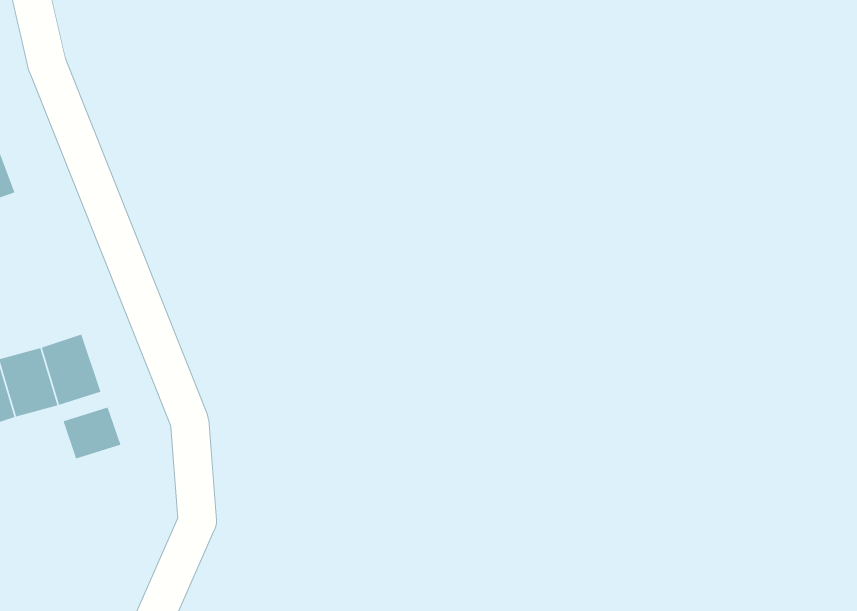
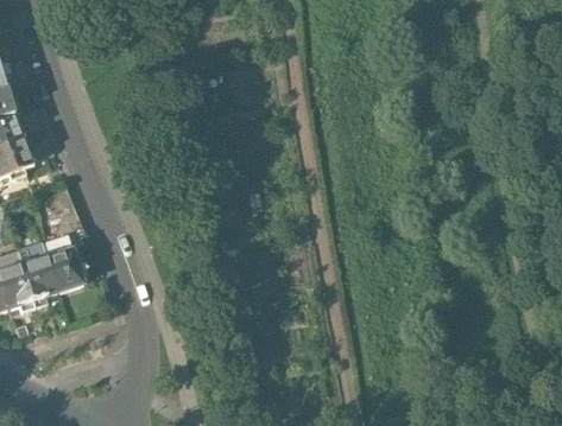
building: [62,406,121,460] -> none

